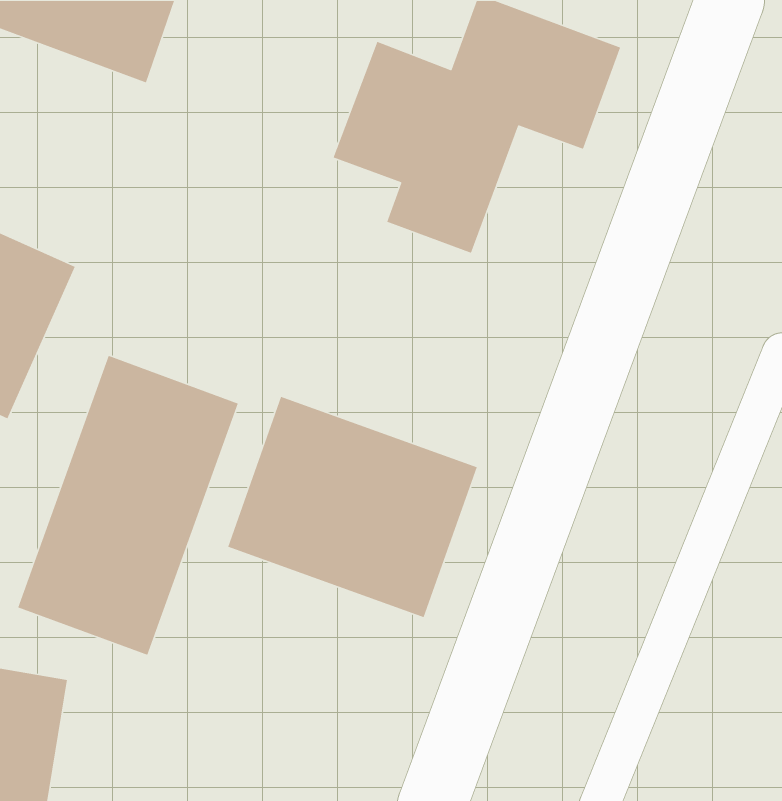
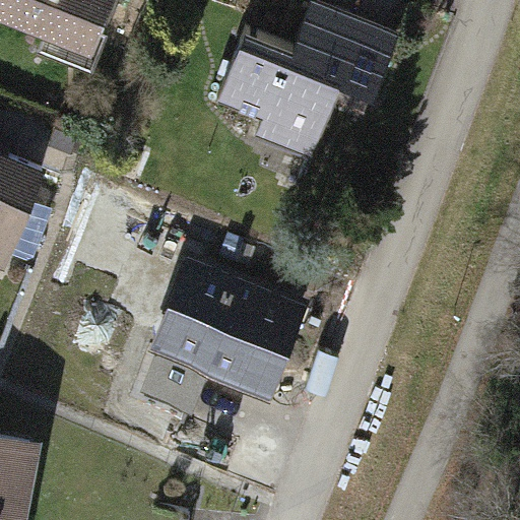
building: [17,355,239,656] -> none

